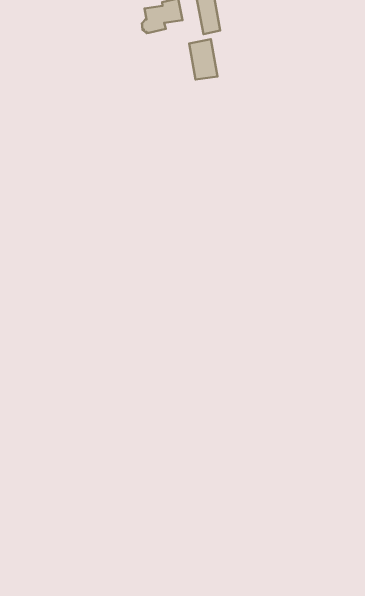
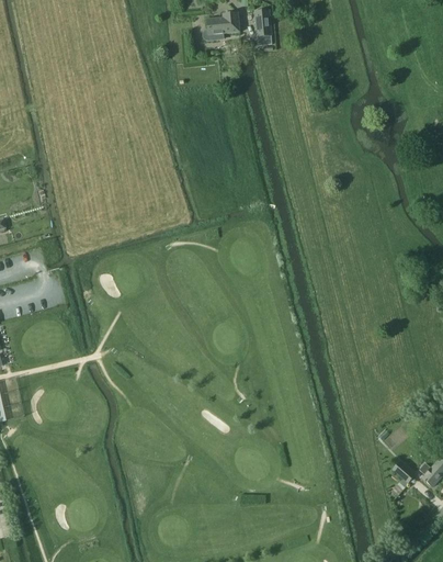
building: [189,39,217,80] -> none

